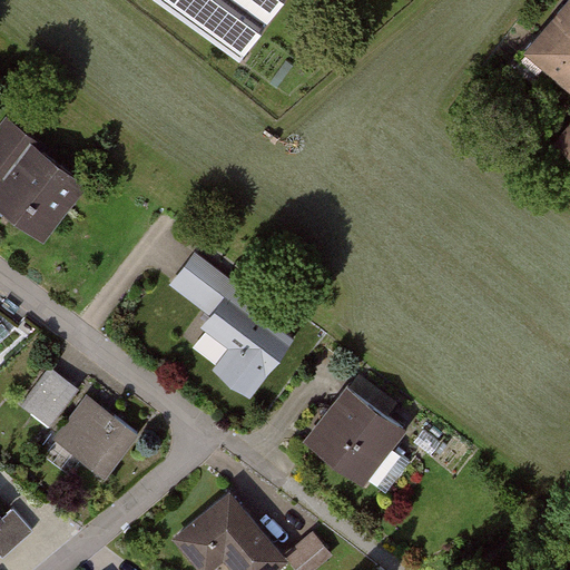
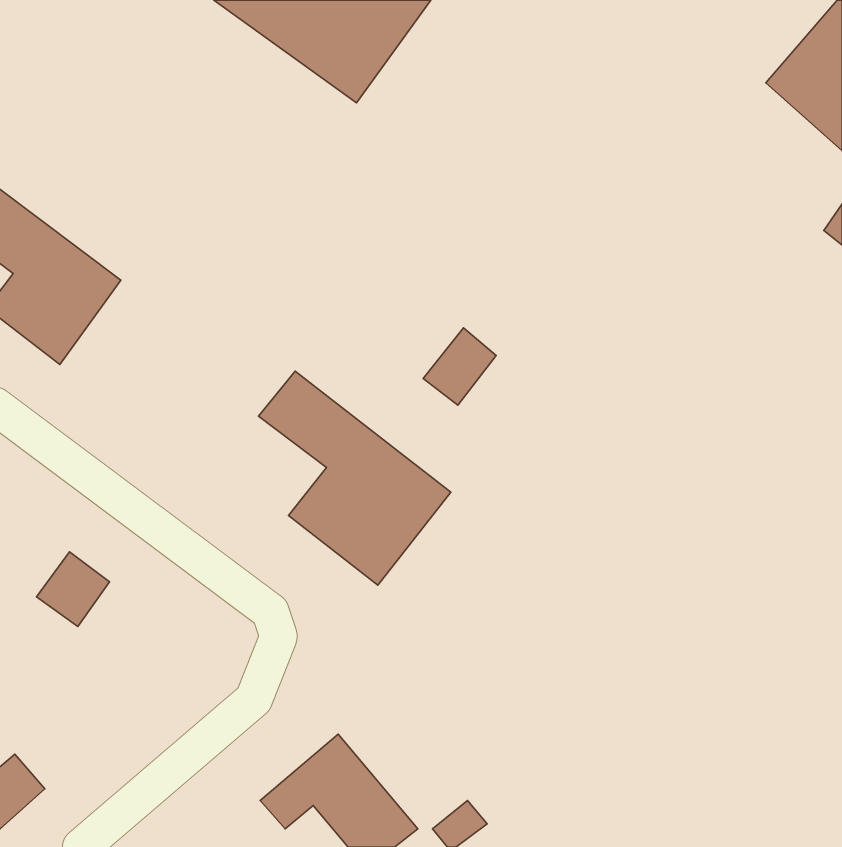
building: none -> [423,328,496,405]
building: [312,379,413,479] -> none
building: [52,395,135,476] -> none

